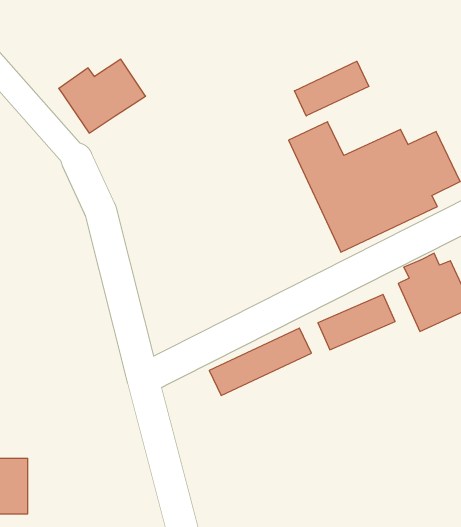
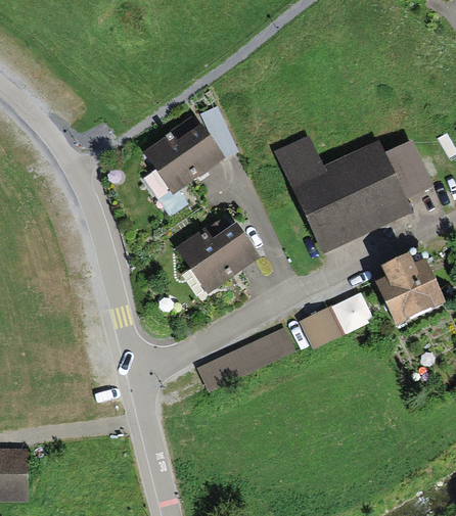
building: [59,59,146,133] -> [144,124,226,193]
building: [294,61,369,116] -> none
building: none -> [176,223,261,293]

